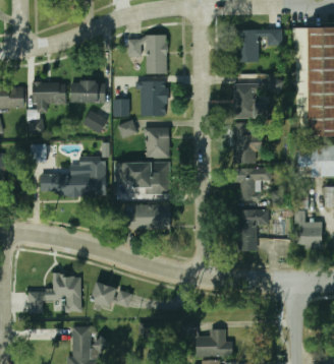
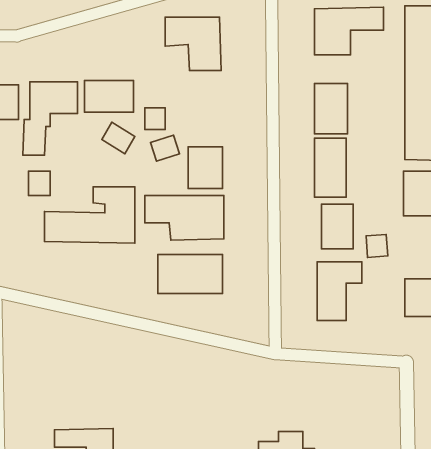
building: [140,80,167,116] -> none
building: [29,272,81,312] -> none
building: [91,281,138,312] -> none

